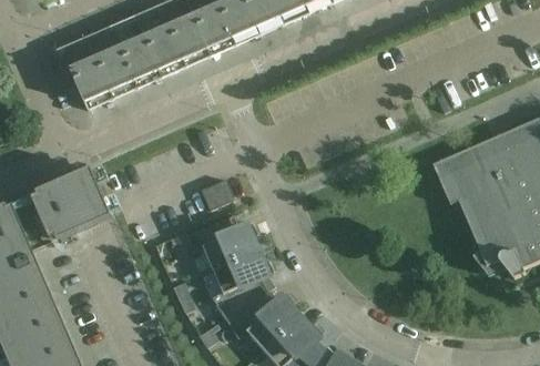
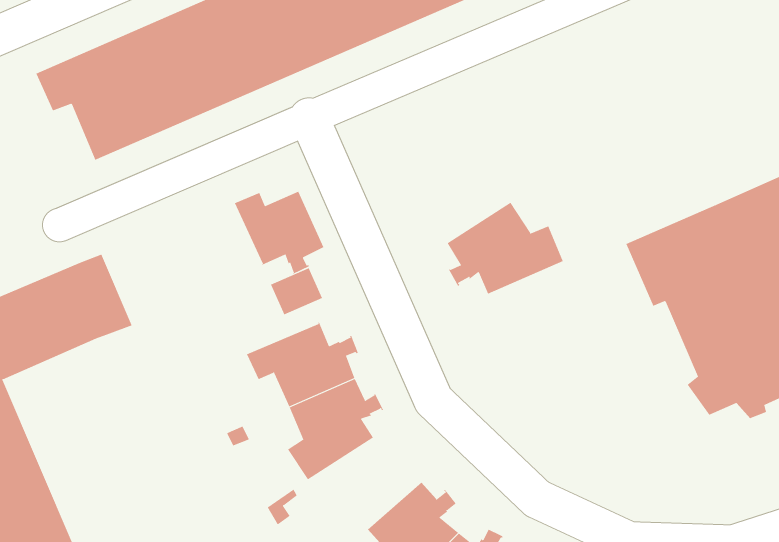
building: none -> [234,191,324,274]
building: none -> [447,202,563,294]
building: [226,289,300,349] -> none

